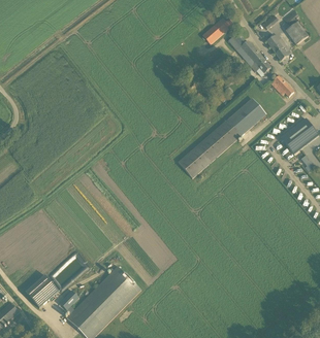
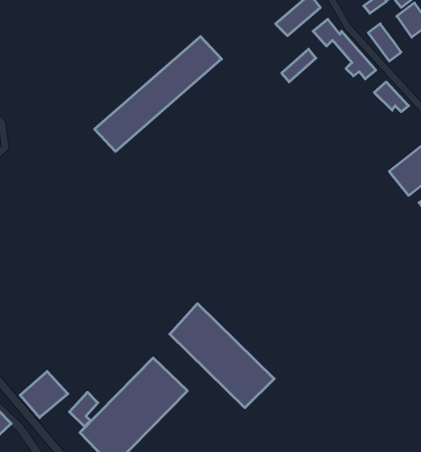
building: [178,98,265,177] -> [95,37,222,151]
building: none -> [170,304,274,408]

